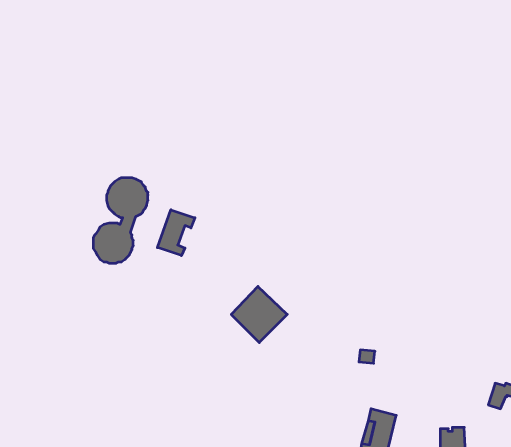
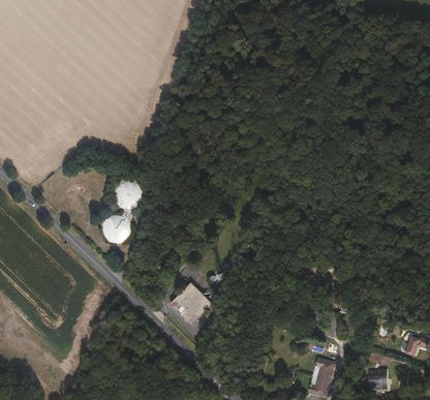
building: [157,210,195,256] -> none
building: [231,286,287,343] -> [170,284,213,328]

